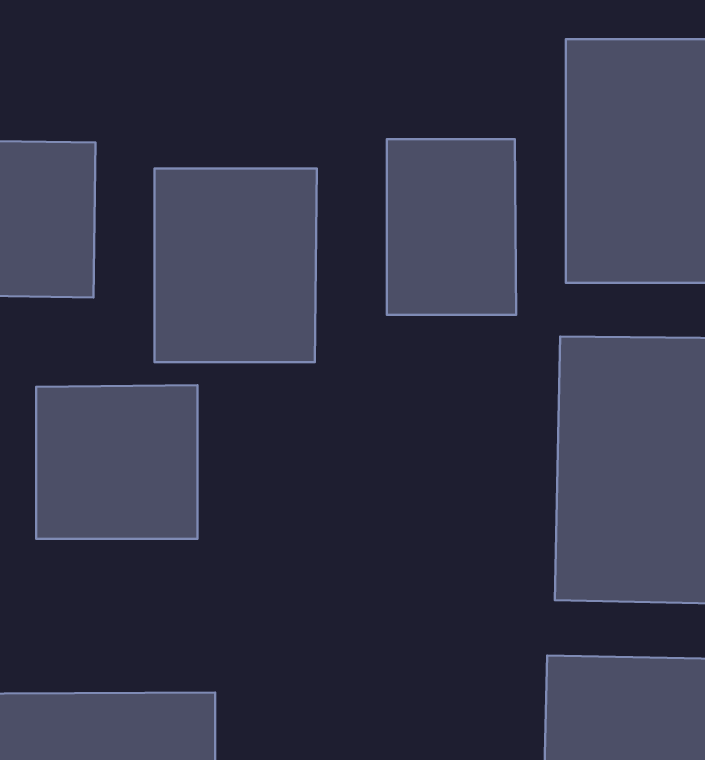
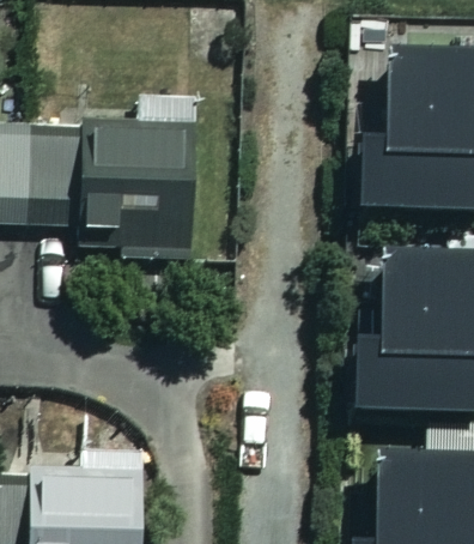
building: [387,139,516,315] -> none
building: [36,385,197,539] -> none

